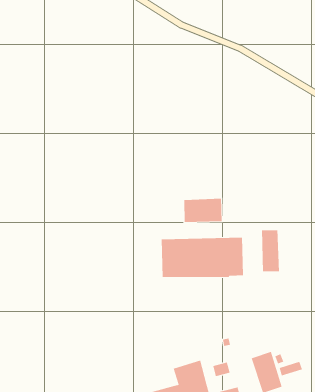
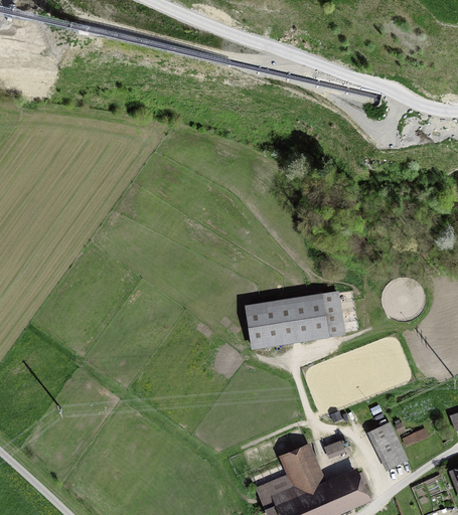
building: [184,198,222,223] -> none
building: [262,230,280,272] -> none

